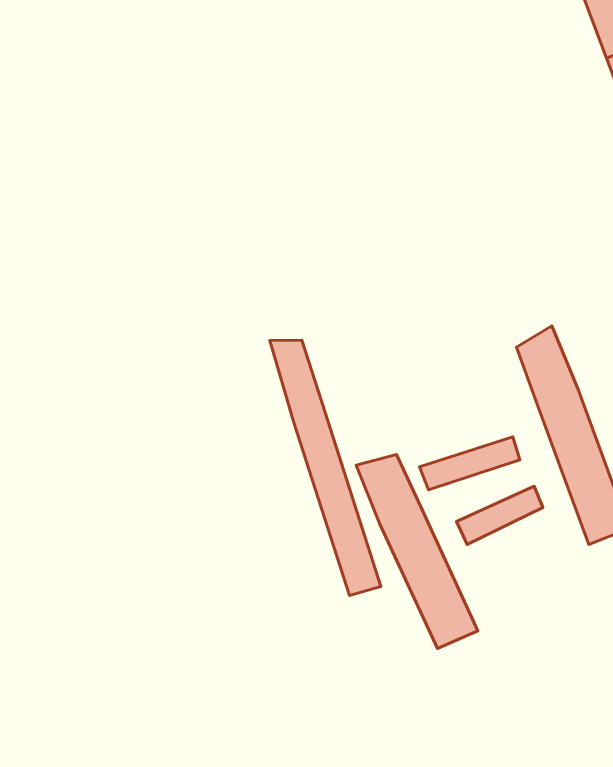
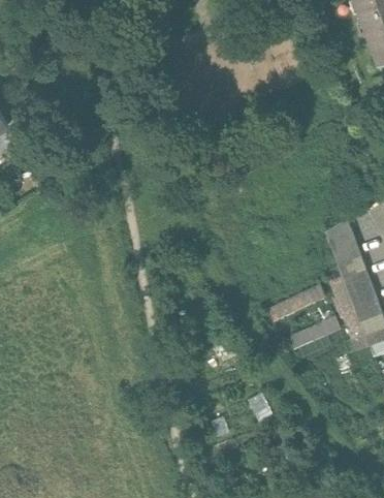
building: [270,340,381,595] -> none
building: [356,454,478,648] -> none

